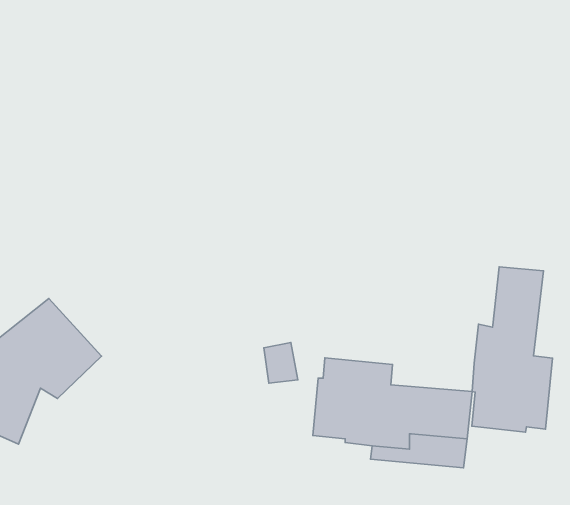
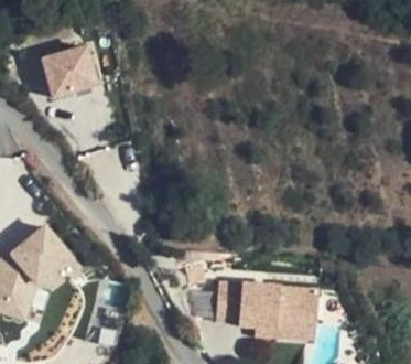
building: none -> [40,46,96,99]
building: [472,267,553,432] -> none

